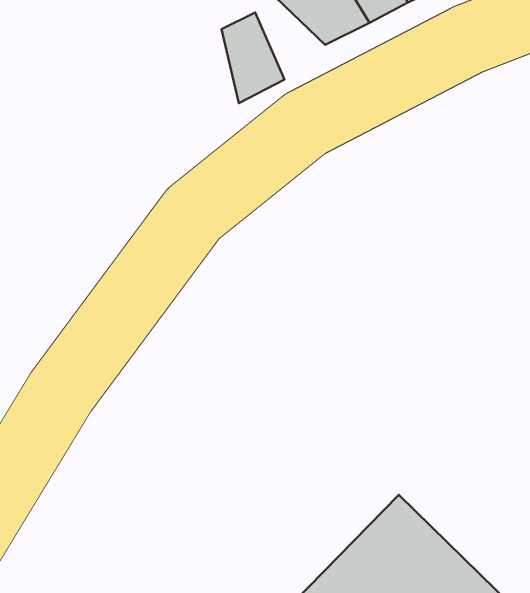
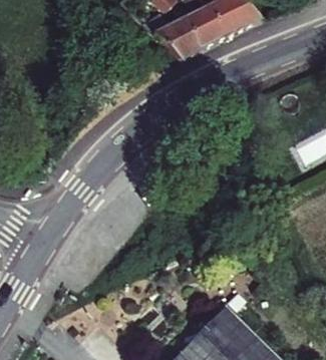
building: [221,12,284,103] -> none

